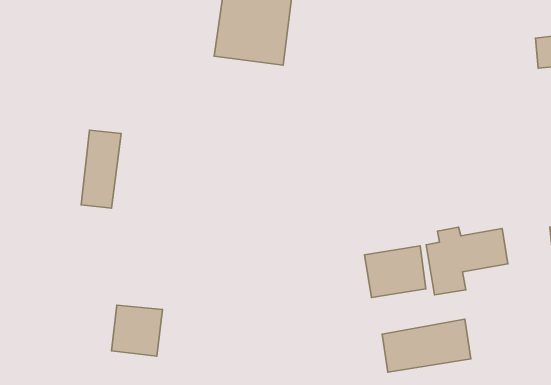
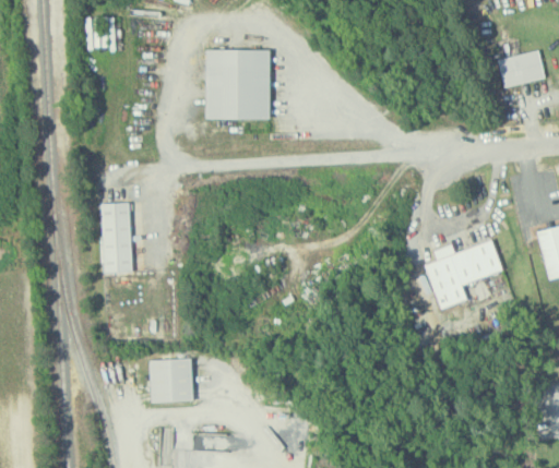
building: [365,246,426,298] -> none
building: [382,319,471,372] -> none

